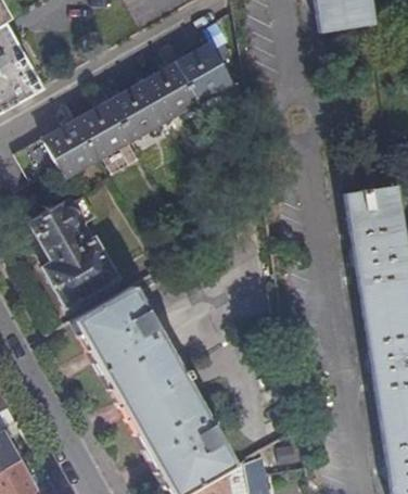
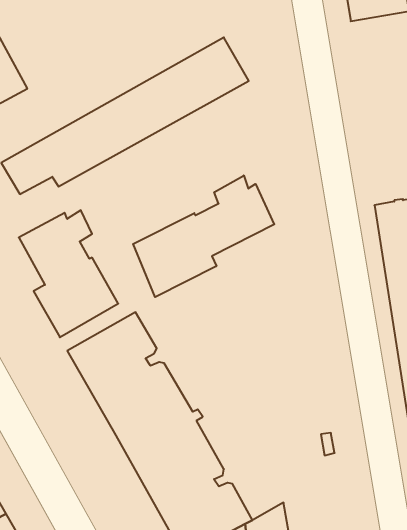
building: none -> [133,175,274,297]

